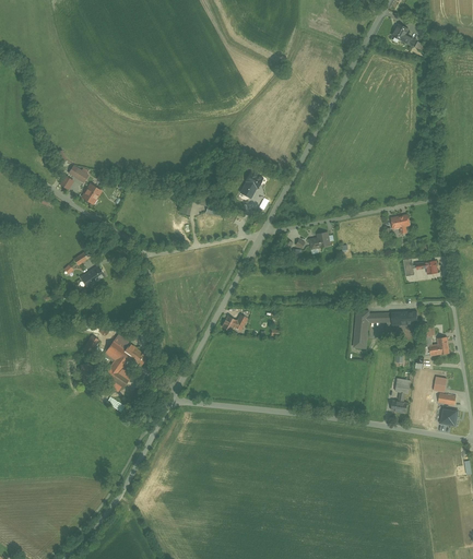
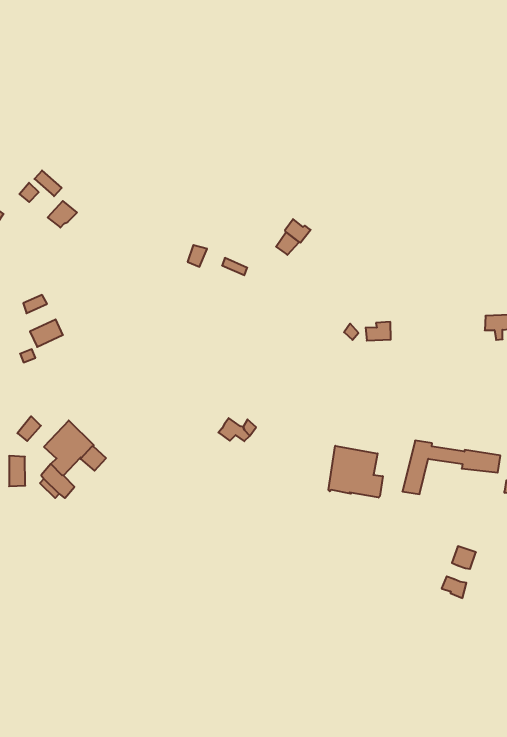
building: none -> [328,446,383,498]

